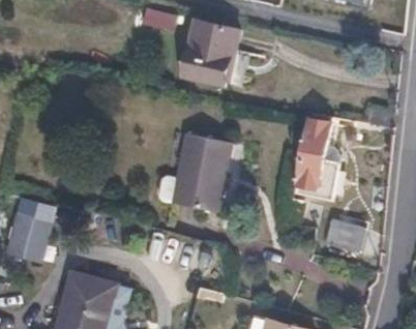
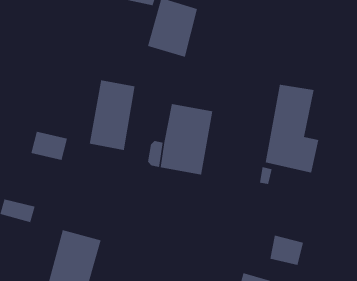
building: none -> [89,80,135,151]
building: [10,213,51,245] -> [31,131,68,161]
building: [328,217,365,250] -> [269,235,304,265]

